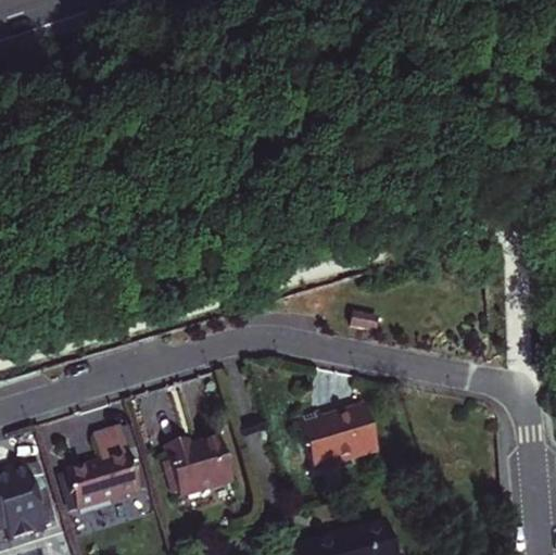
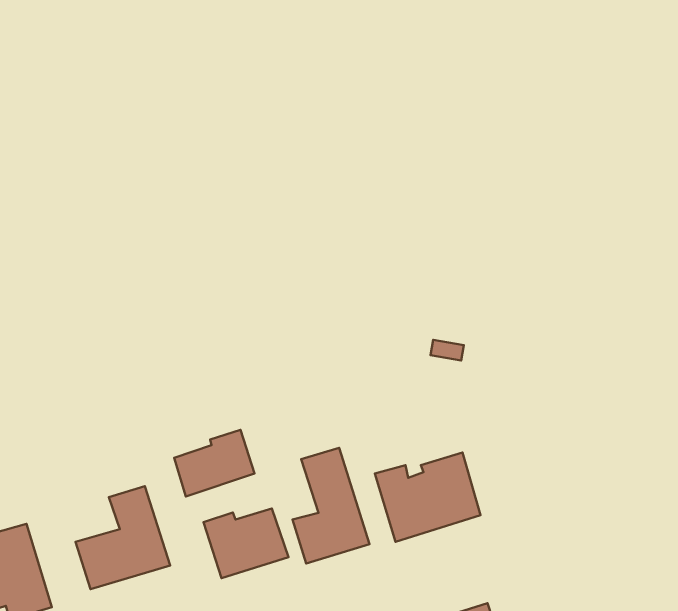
building: none -> [174,430,255,496]
building: none -> [292,448,370,563]

